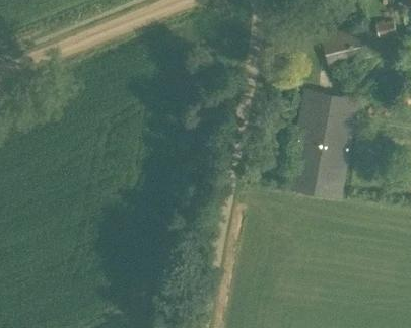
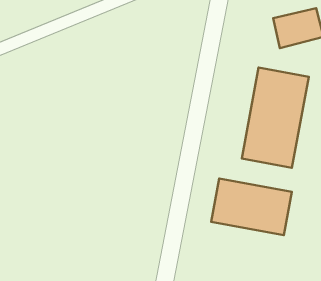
building: none -> [211,178,292,235]

